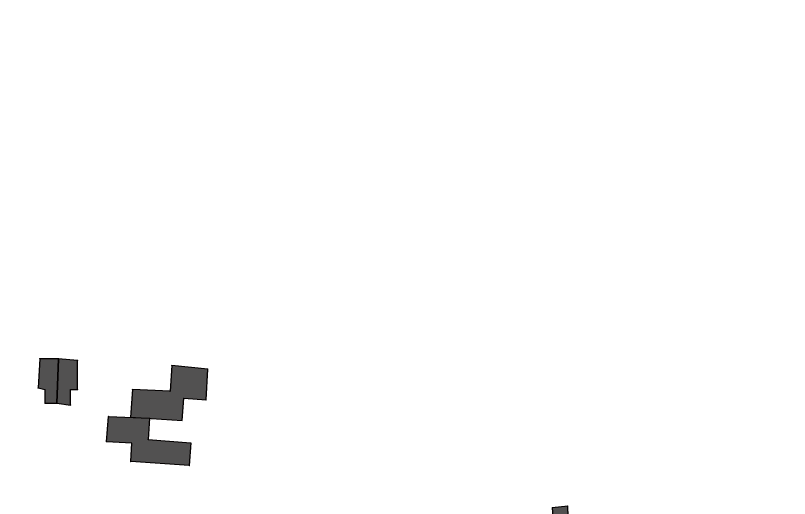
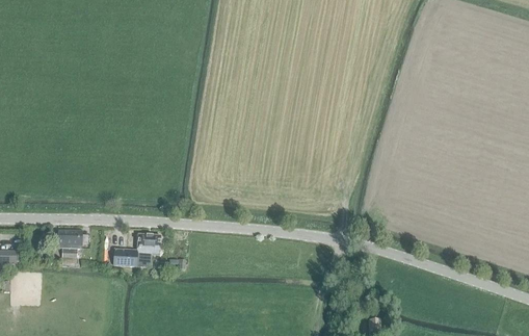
building: [106,416,191,466] -> none

